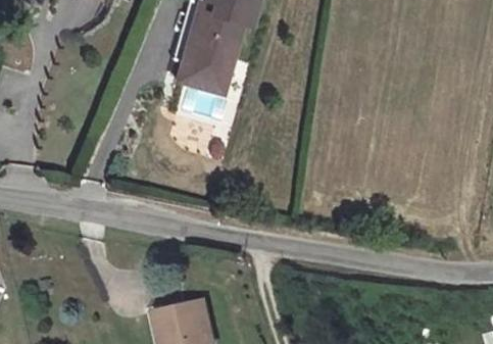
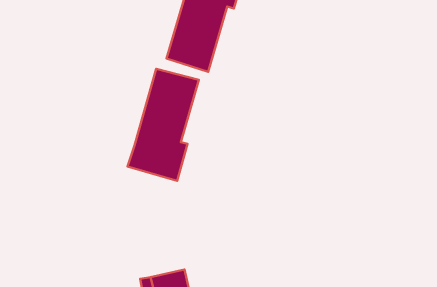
building: none -> [128,69,199,181]

